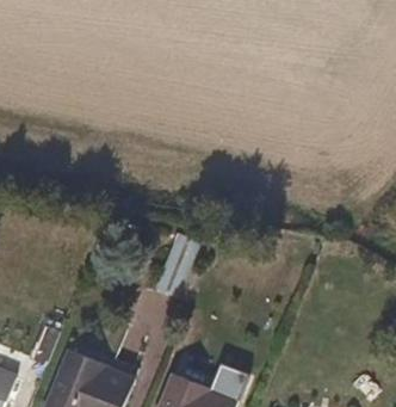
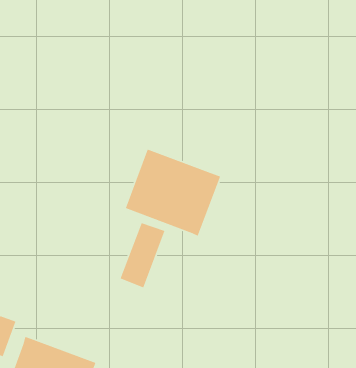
building: none -> [125,149,221,237]

